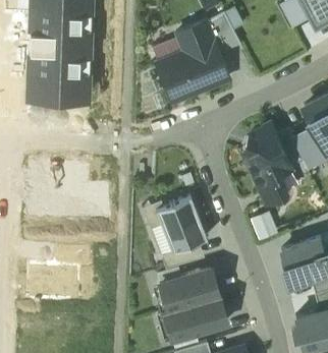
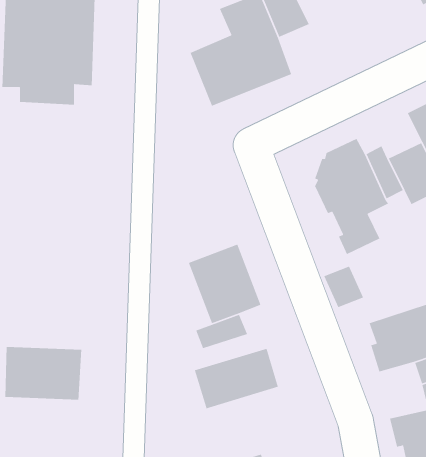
building: [162,296,225,340] -> none

